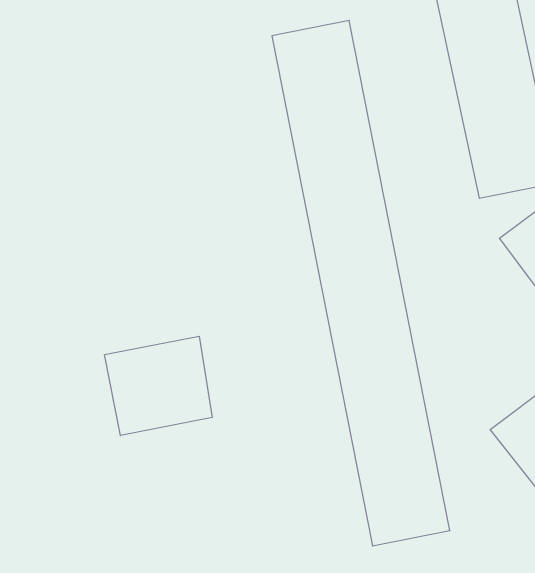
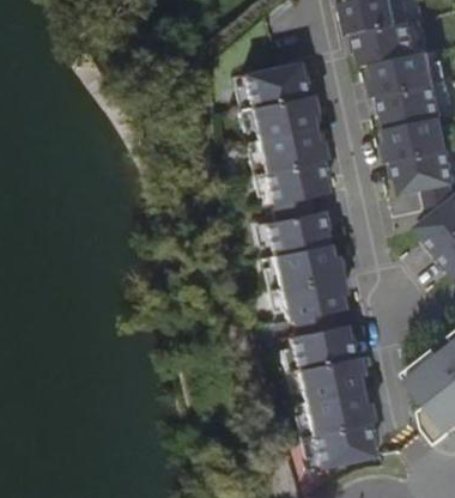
building: [105,336,212,436] -> none

